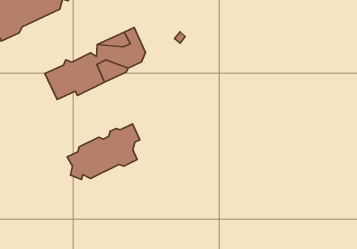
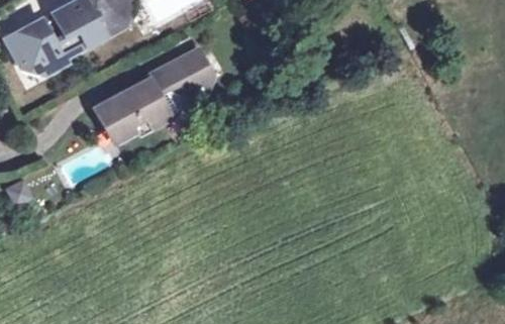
building: [67,124,140,179] -> none

